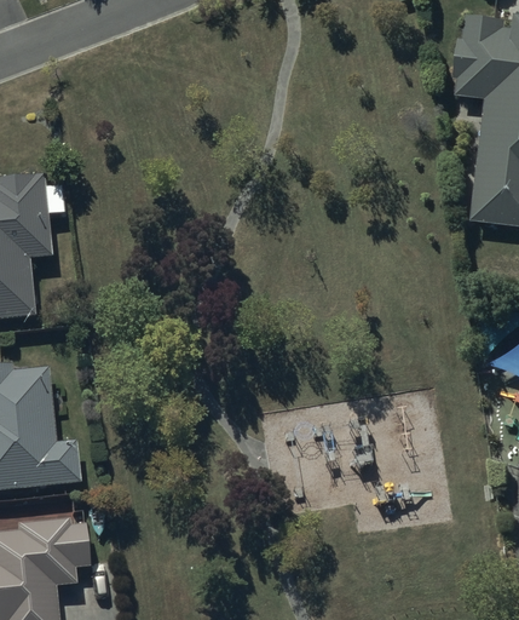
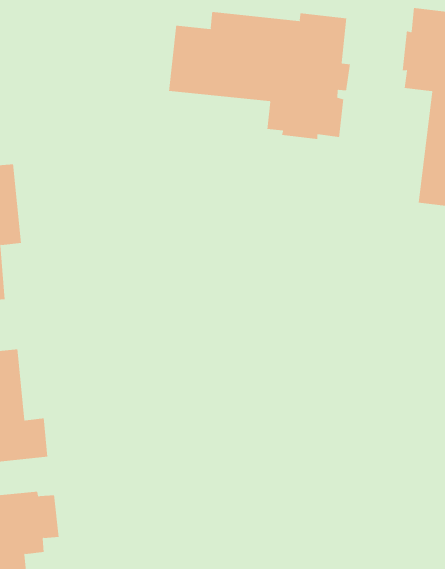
building: none -> [169,11,351,140]

